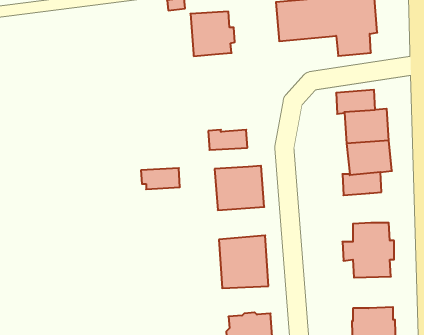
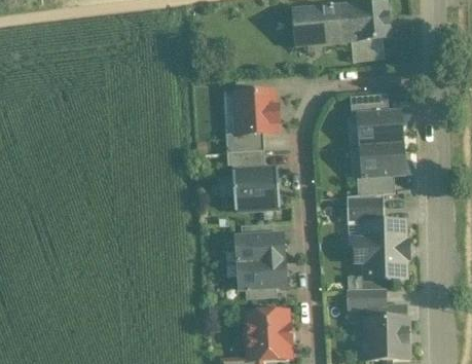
building: [190,12,235,56] -> [234,92,278,135]
building: [141,168,180,189] -> [226,150,264,171]
building: none -> [347,194,384,224]
building: none -> [348,289,385,308]

